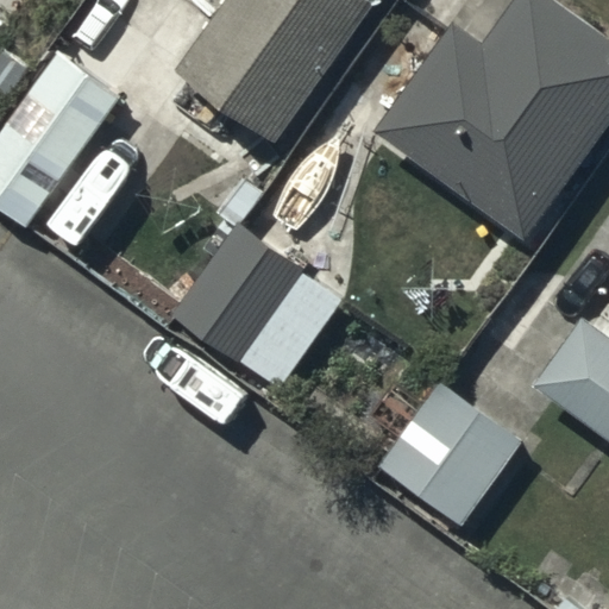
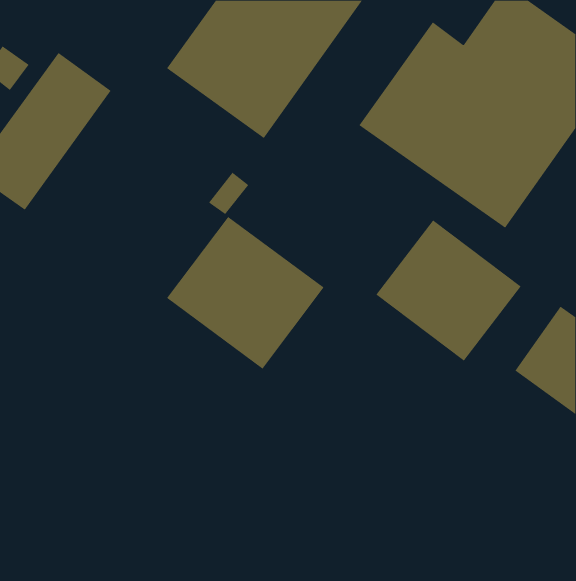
building: none -> [376,219,521,362]
building: [377,383,521,526] -> none

